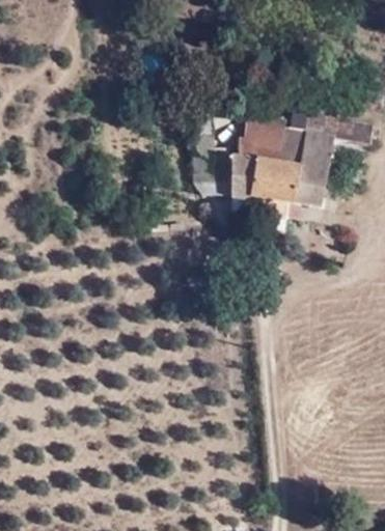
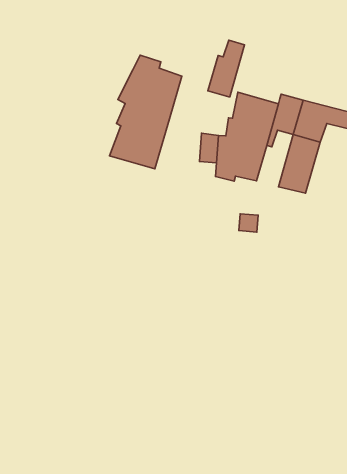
building: none -> [110,55,182,169]
building: [273,147,305,202] -> [208,40,244,97]

